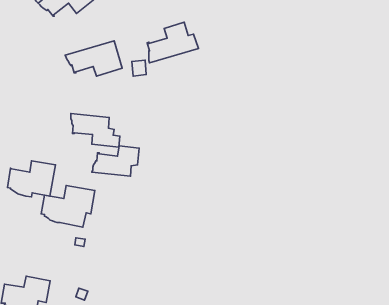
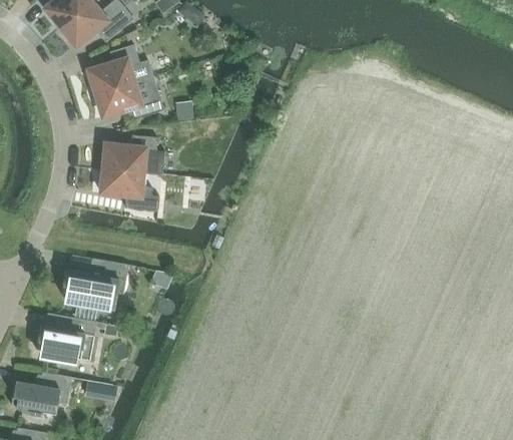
building: [147,22,198,63] -> [87,44,151,95]
building: [92,146,139,176] -> [97,135,156,173]
building: [7,161,55,197] -> [35,317,95,362]

